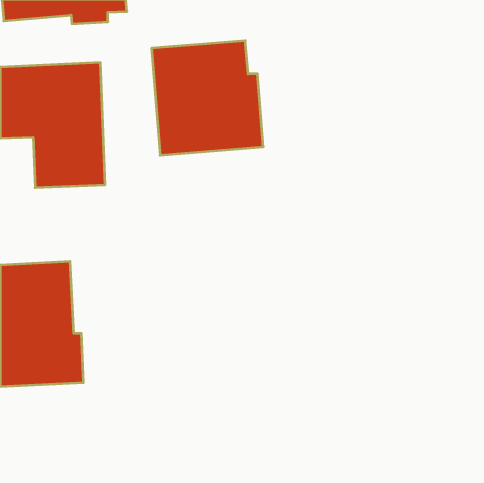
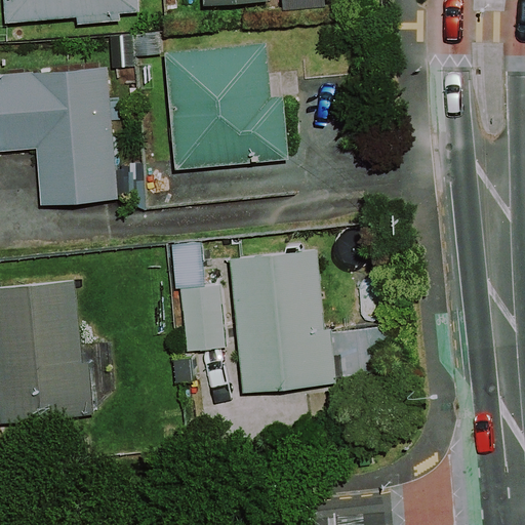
building: none -> [176,250,367,392]

